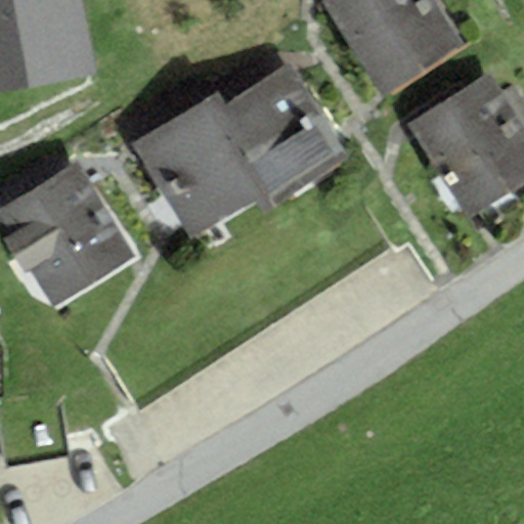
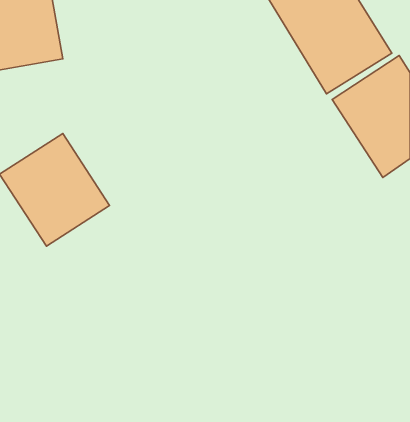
building: [138,56,343,242] -> none

